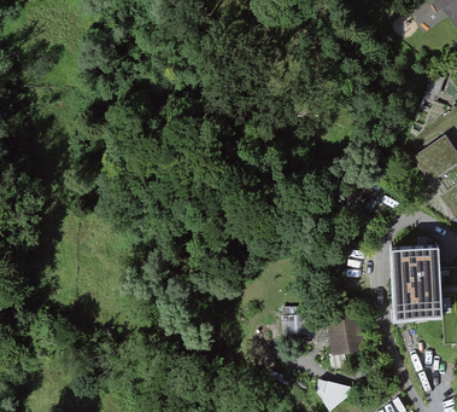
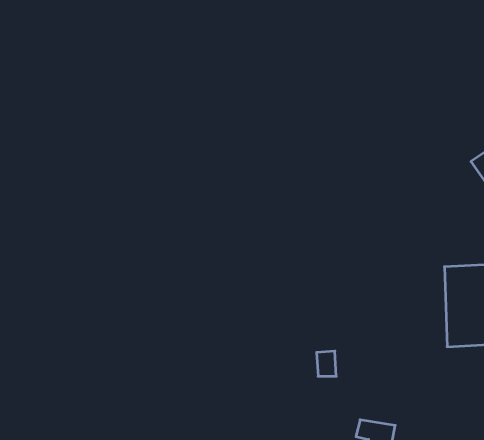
building: [326,311,367,354] -> none

